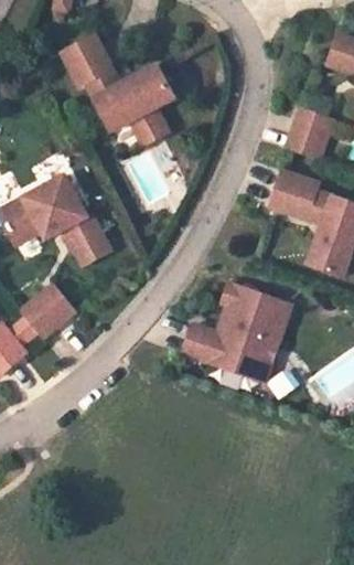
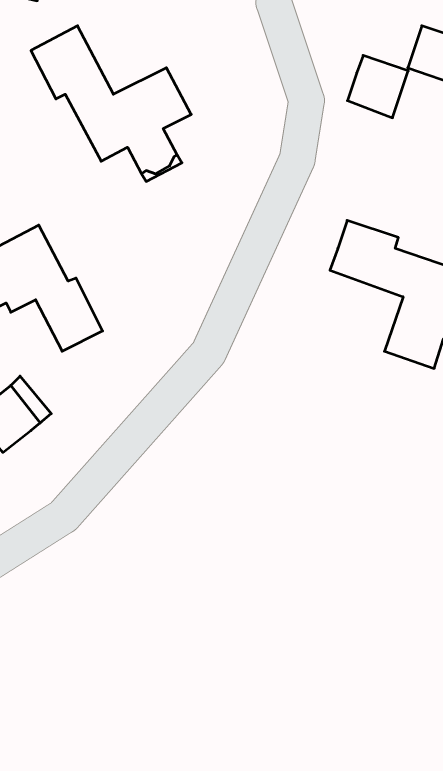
building: [287,117,330,161] -> [347,55,408,118]
building: [173,275,288,377] -> none

